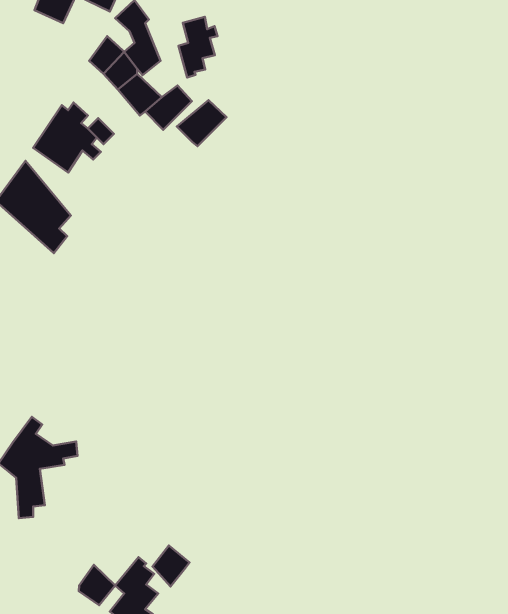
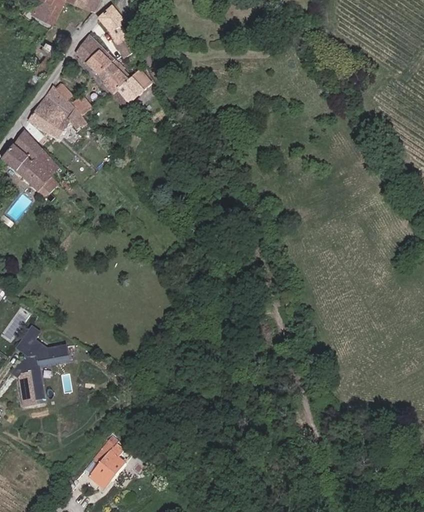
building: [178,17,218,77] -> none
building: [177,100,227,146] -> none
building: [152,545,190,586] -> none
building: [79,565,115,605] -> none

